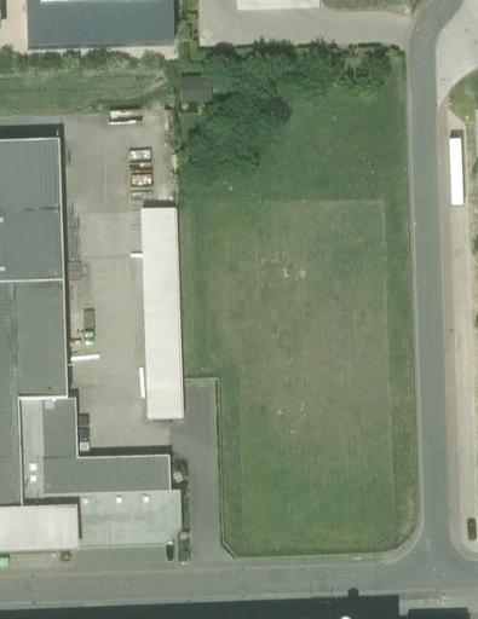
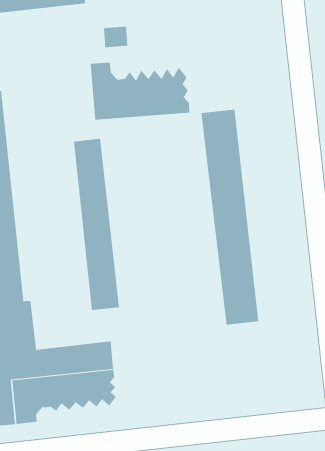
building: none -> [90,62,190,121]
building: none -> [201,109,259,326]

